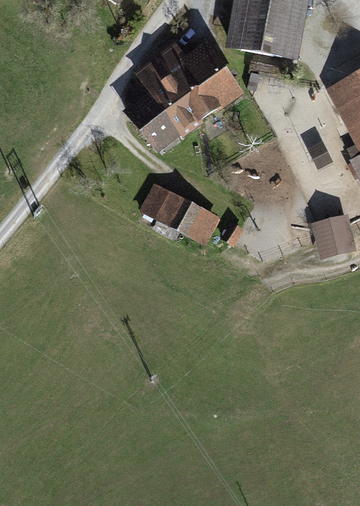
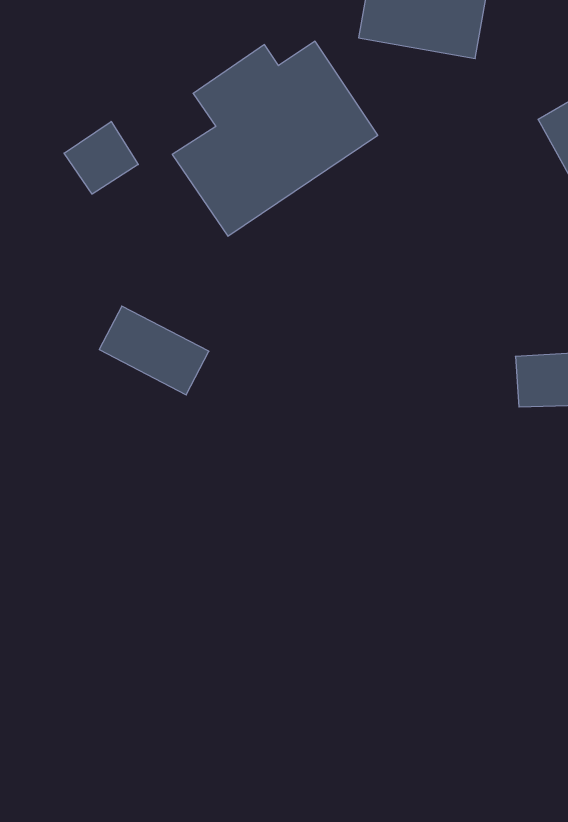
building: none -> [64,121,138,194]
building: [155,192,218,243] -> [99,306,209,395]

